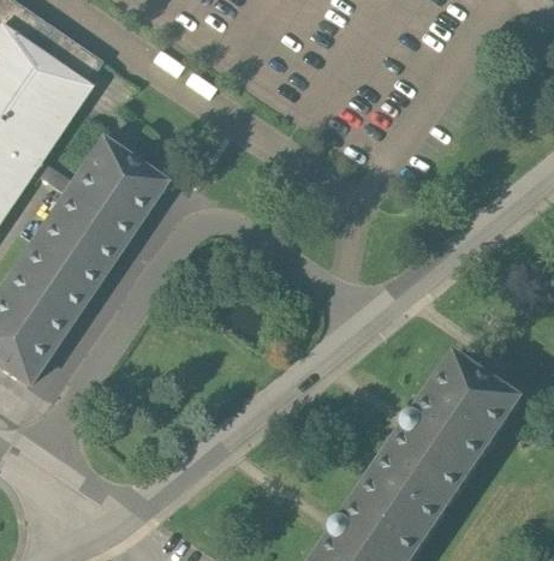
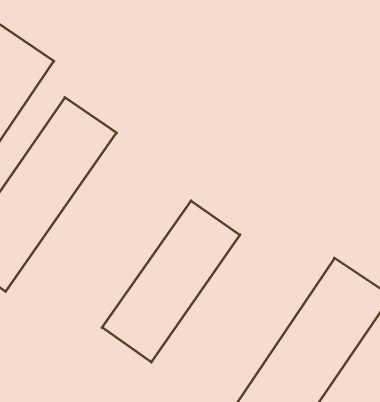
building: none -> [102,201,240,362]

